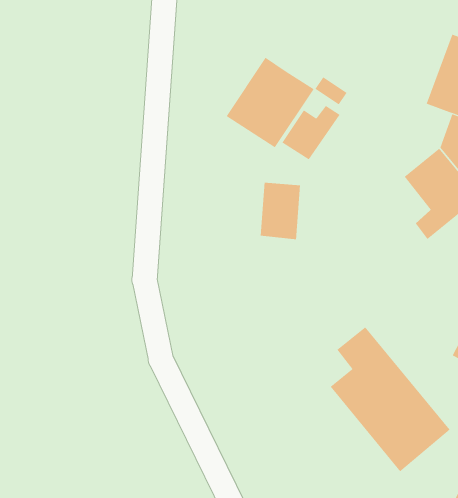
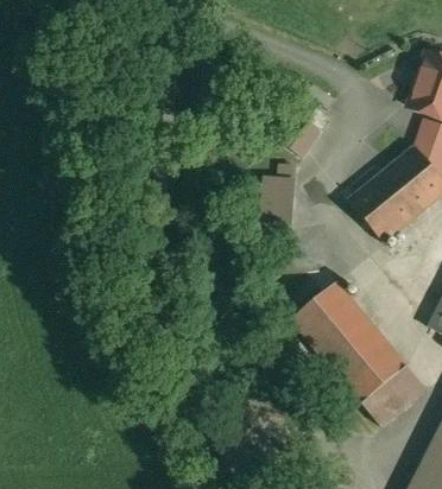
building: [226,57,315,148] -> none
building: none -> [348,170,406,242]
building: none -> [291,281,351,351]

